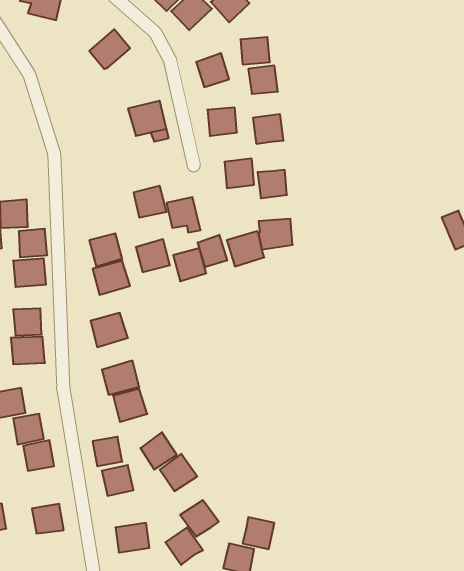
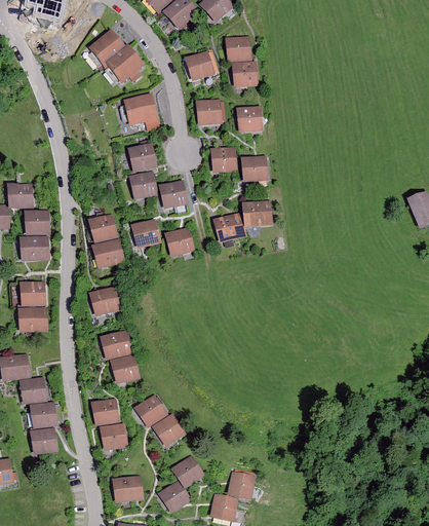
building: none -> [105,45,144,83]
building: none -> [127,143,157,173]
building: [198,235,227,267] -> none
building: [32,504,64,533] -> [29,427,57,454]

